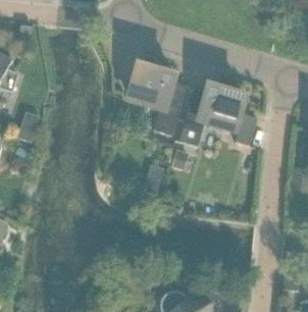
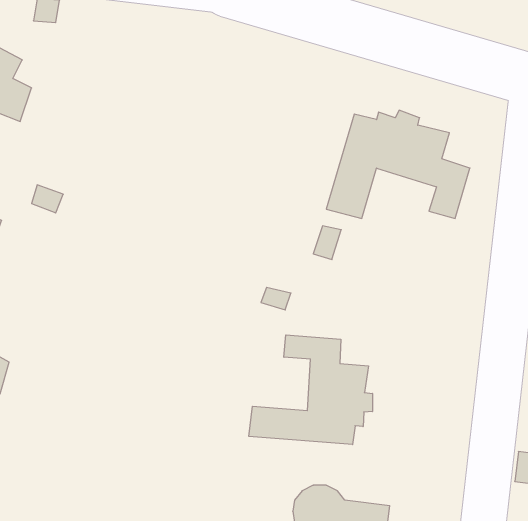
building: [130,66,188,134] -> none
building: none -> [249,335,372,445]

